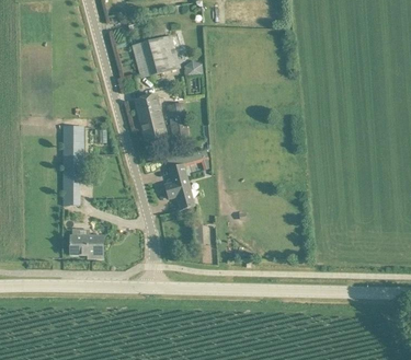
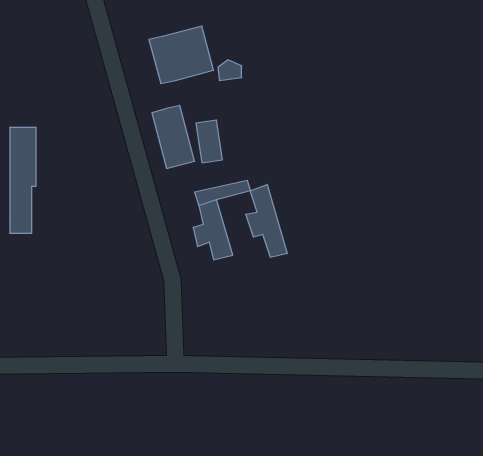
building: [64,126,83,205] -> [10,127,36,233]
building: none -> [246,184,287,257]
building: [70,229,104,257] -> none

